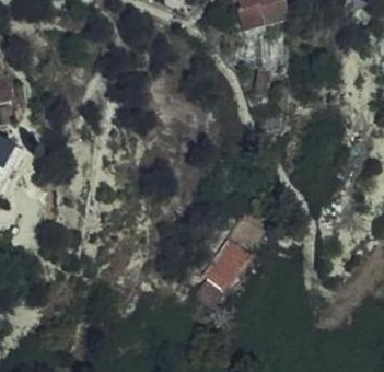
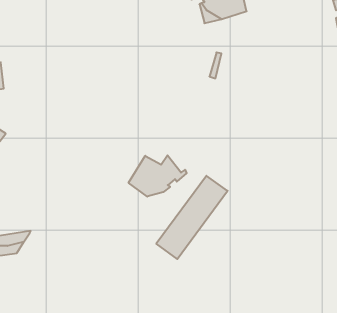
building: none -> [129,155,187,197]

